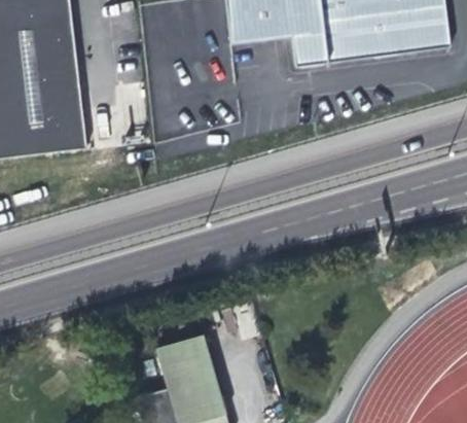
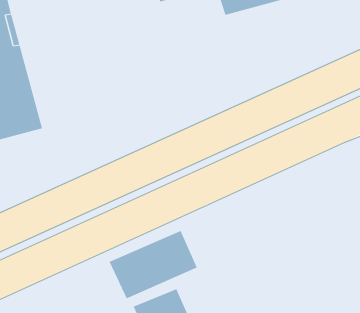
building: none -> [109,230,197,299]

